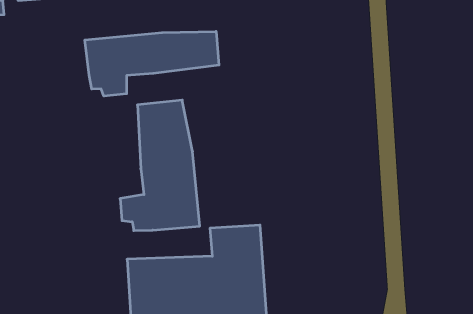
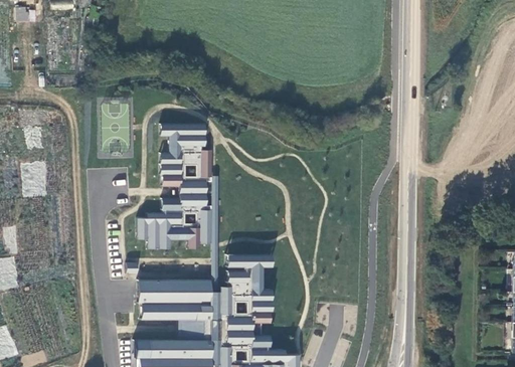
building: [85,31,219,96] -> none

